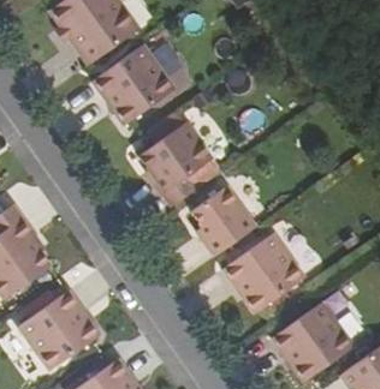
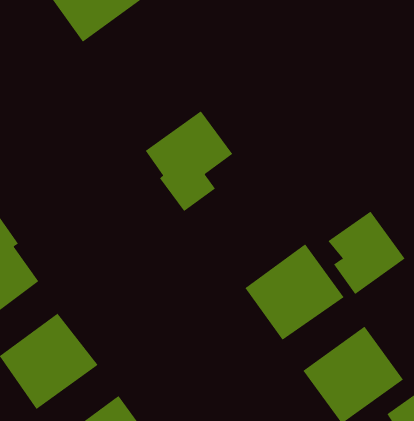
building: [93,43,176,124] -> none
building: [191,186,256,256] -> [327,211,406,295]

